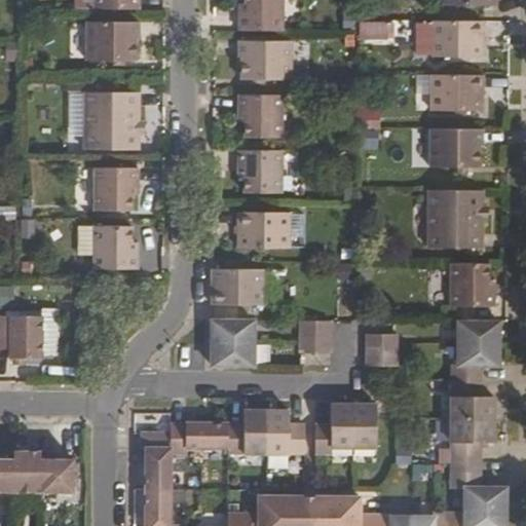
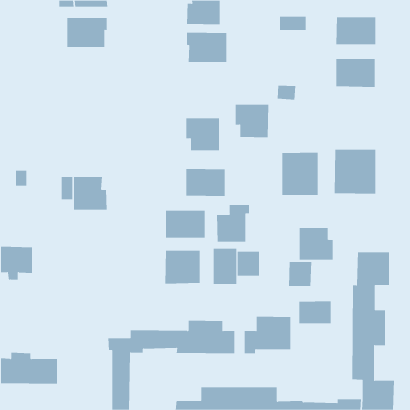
building: [84,92,139,151] -> none
building: [238,96,283,139] -> [235,104,269,138]
building: [430,129,482,167] -> none
building: [93,170,138,213] -> none
building: none -> [282,152,318,196]
building: none -> [217,204,249,243]
building: [450,264,494,306] -> [299,227,333,260]
building: none -> [213,248,237,285]
building: none -> [299,300,331,324]

